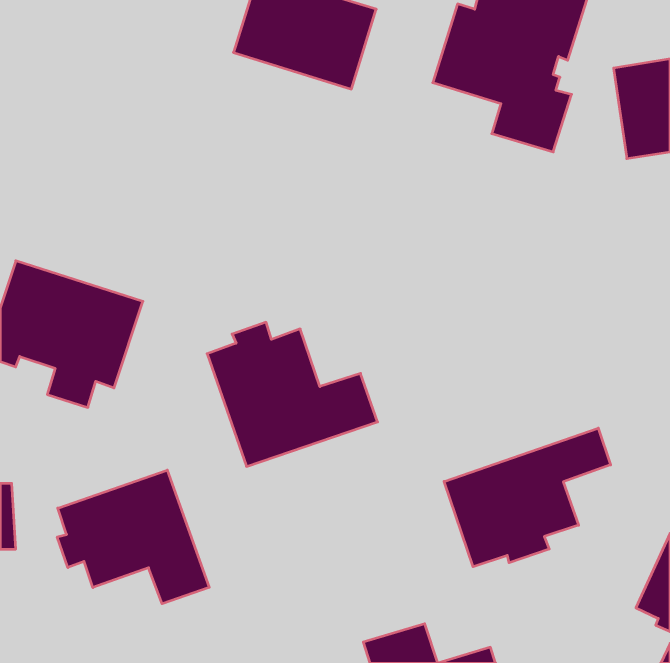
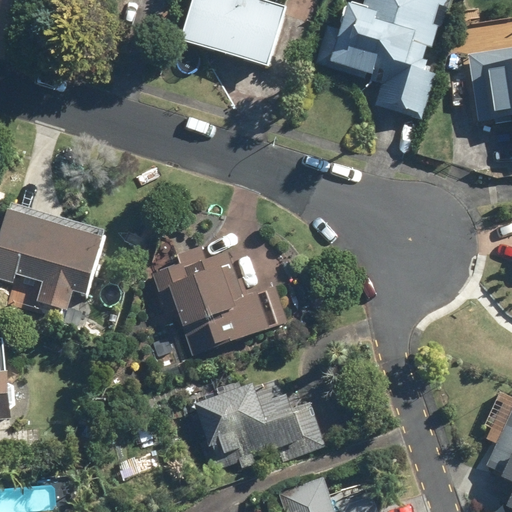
building: [444,428,611,567] -> none
building: [57,470,209,604] -> none
building: none -> [189,377,327,470]

